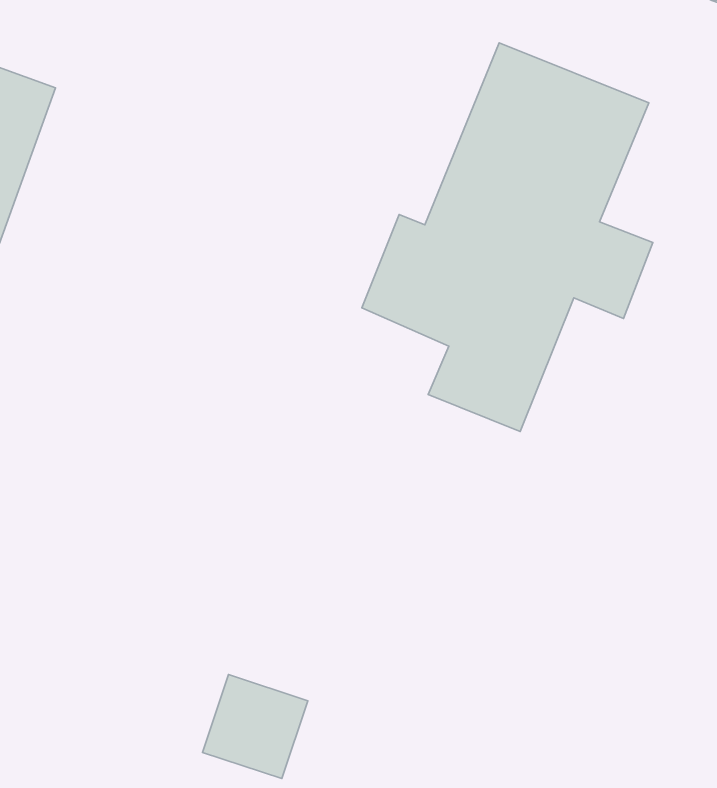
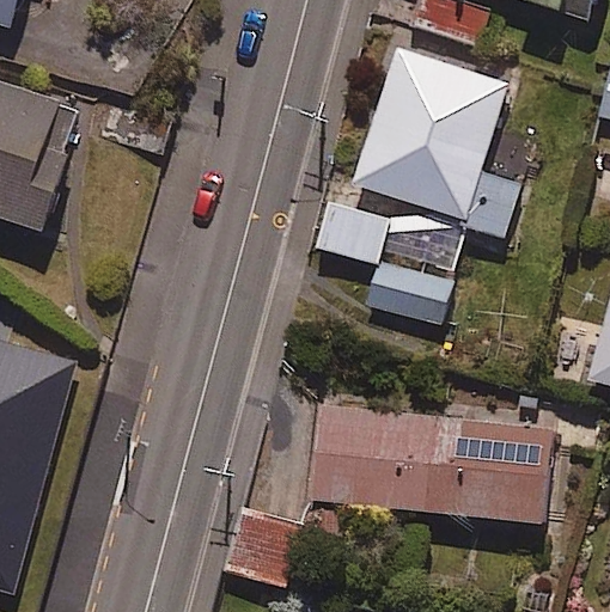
building: none -> [309,402,554,524]

